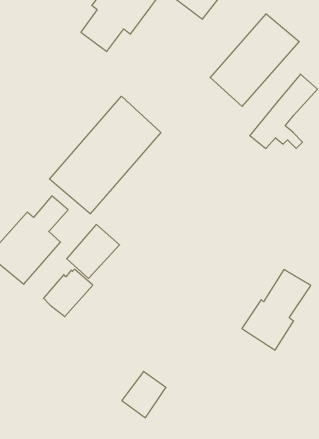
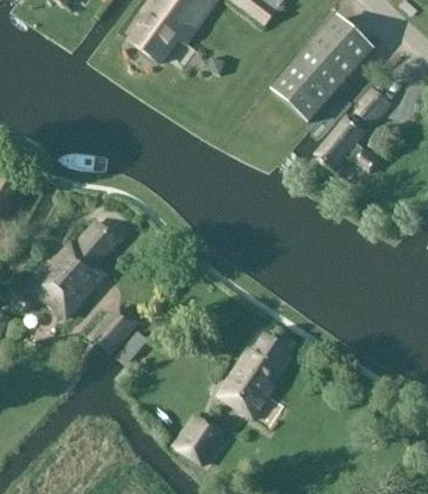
building: [50,96,161,214] -> none
building: [67,225,120,278] -> none
building: [242,269,311,350] -> [217,326,293,415]

